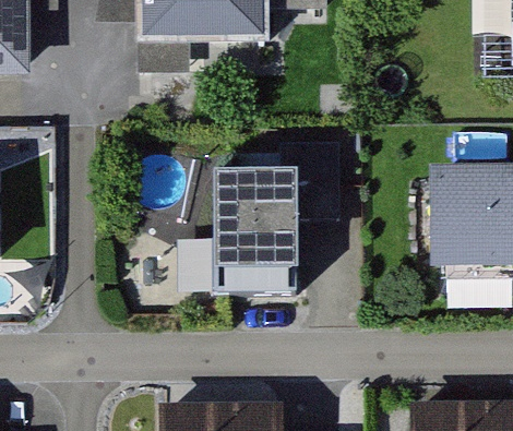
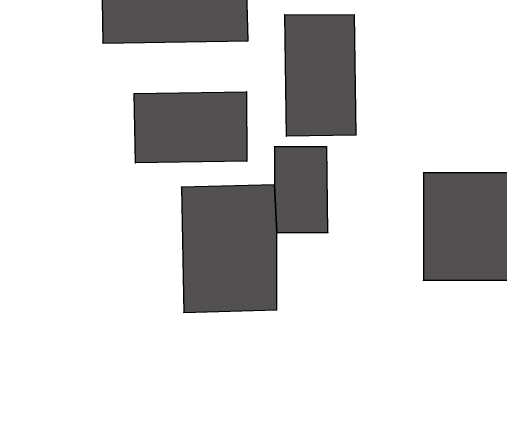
building: none -> [285,15,356,136]
building: none -> [134,92,247,163]

